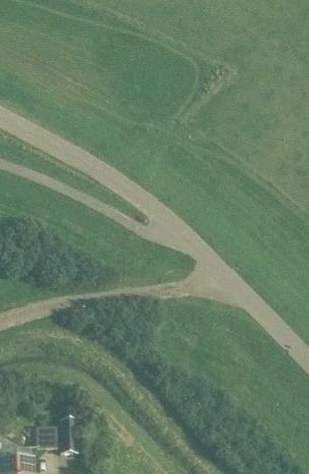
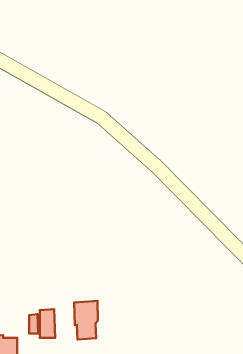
building: none -> [74,301,98,340]

